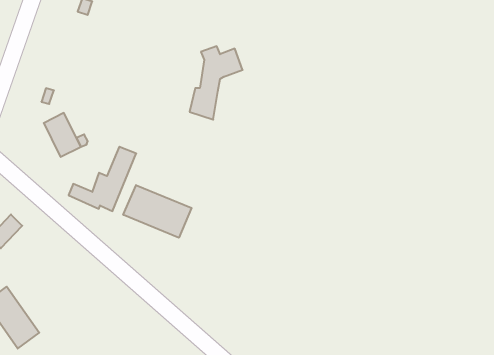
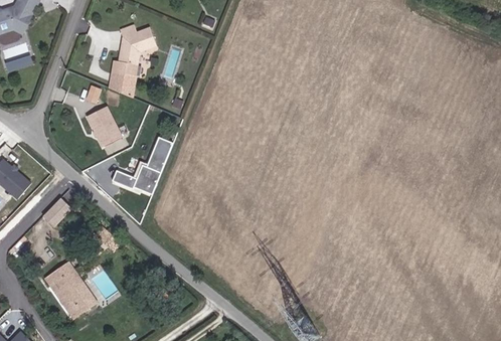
building: [190,46,243,120] -> [112,25,159,91]
building: [123,185,192,238] -> none

